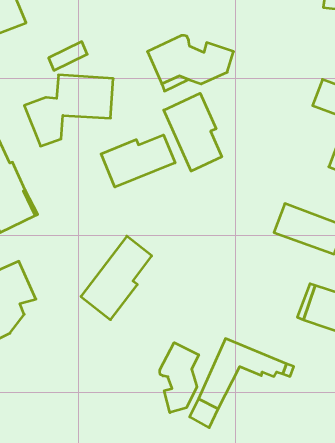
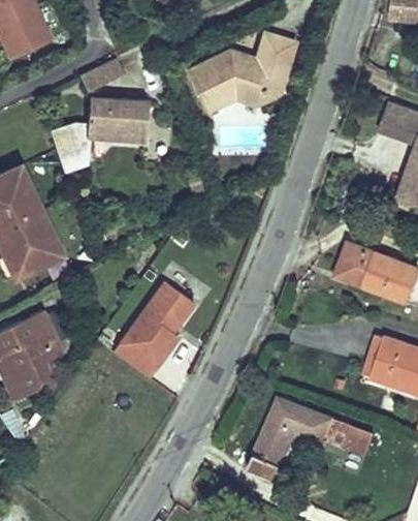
building: none -> [258,31,298,68]
building: [164,93,222,171] -> none
building: [101,135,175,187] -> none
building: [160,343,199,413] -> none

